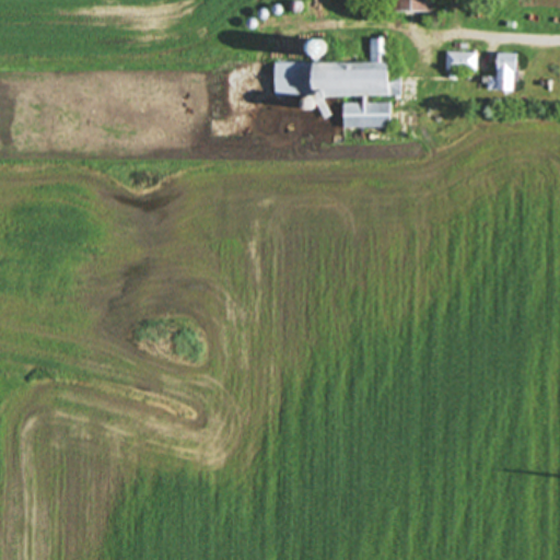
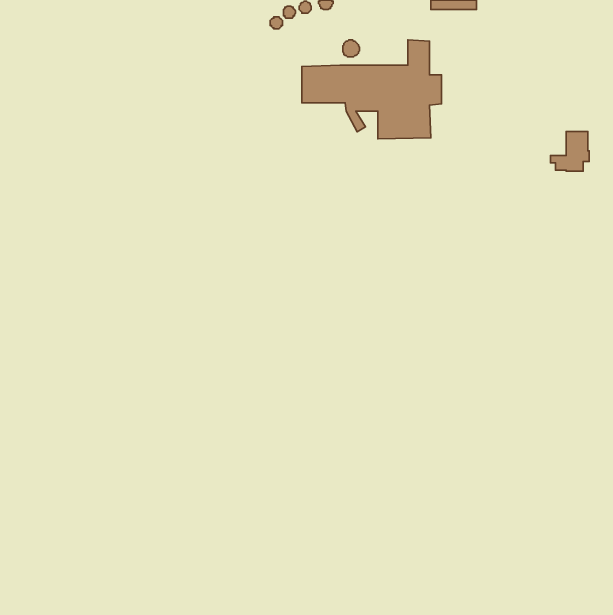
building: [444,50,476,70] -> none
building: [482,52,517,89] -> [551,131,589,171]

